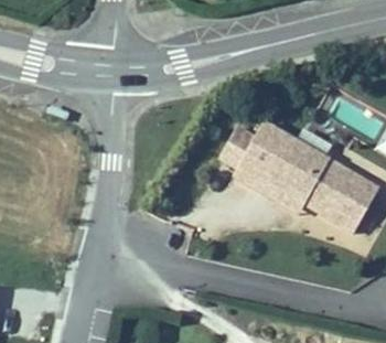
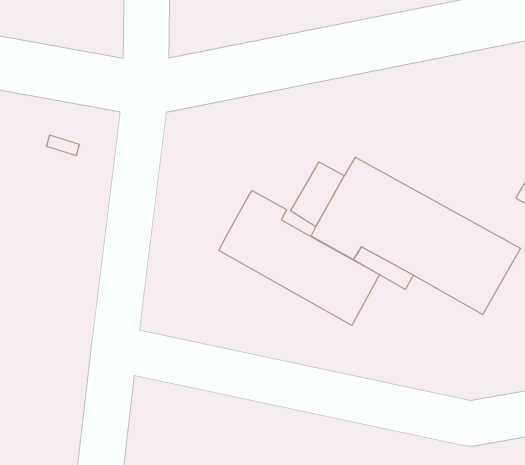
building: none -> [219,190,380,325]

